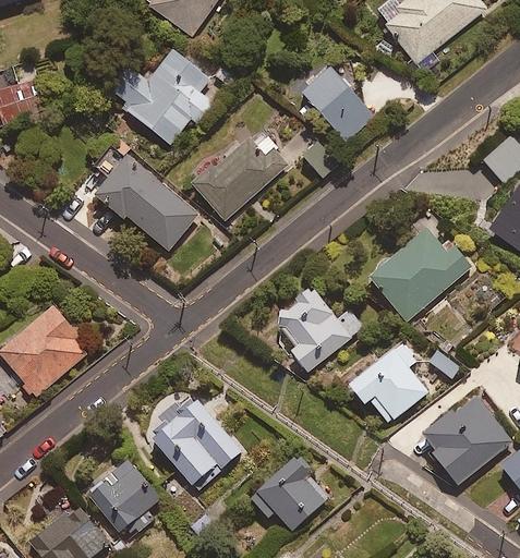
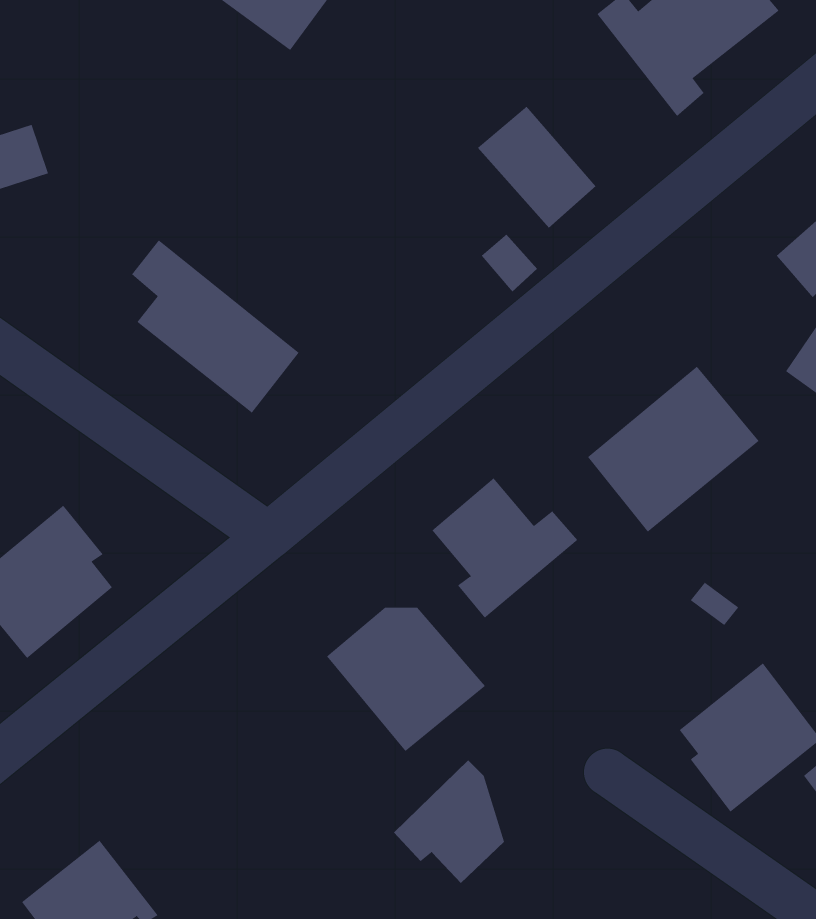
building: [109,48,211,143] -> none
building: [196,130,290,219] -> none
building: [351,343,428,423] -> none
building: [149,402,244,488] -> [326,607,486,752]
building: [90,462,166,532] -> none

